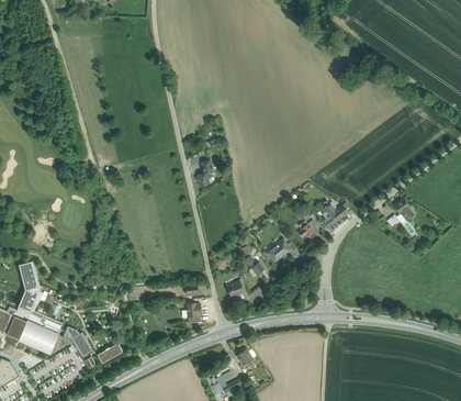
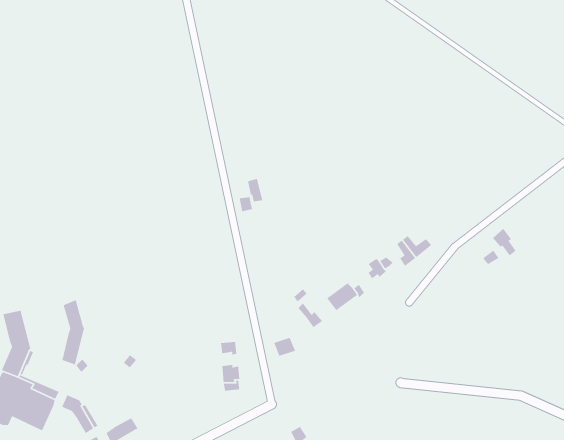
building: none -> [61,299,85,366]

